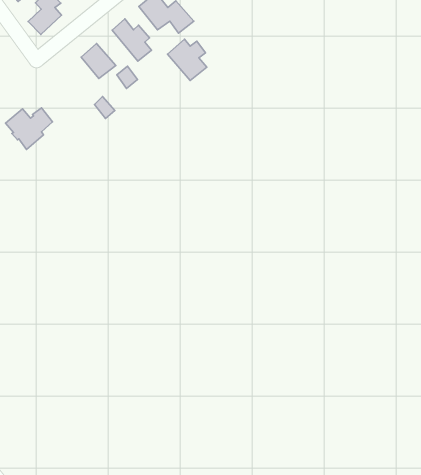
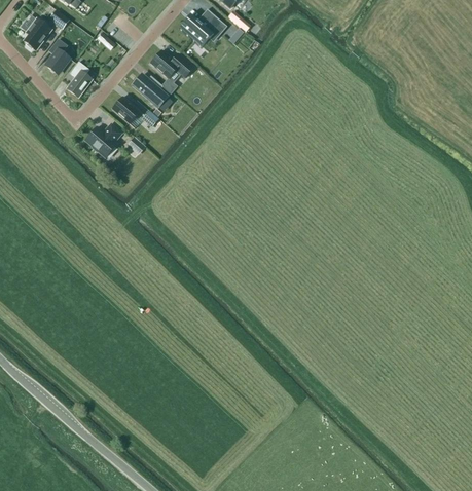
building: [167,39,207,81] -> none
building: [6,108,52,149] -> [85,123,121,157]

